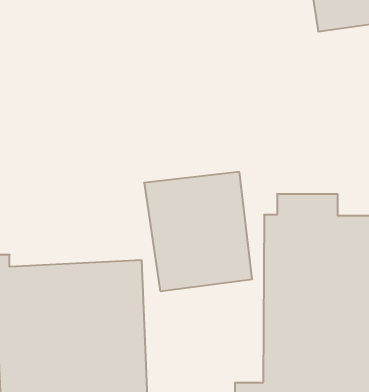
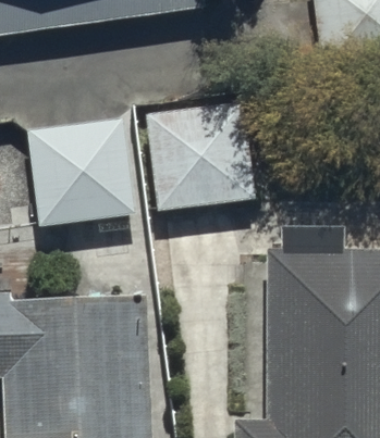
building: none -> [29,105,148,225]
building: [144,172,252,291] -> [146,91,255,211]

